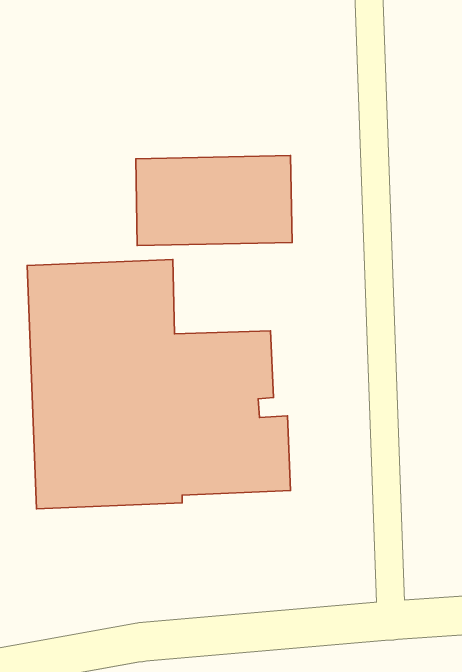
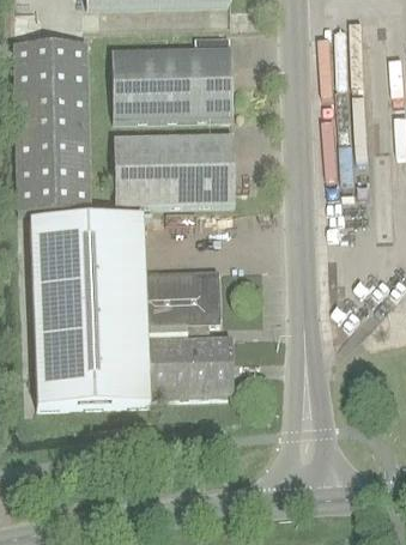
building: none -> [14,42,90,211]
building: none -> [111,48,232,119]

